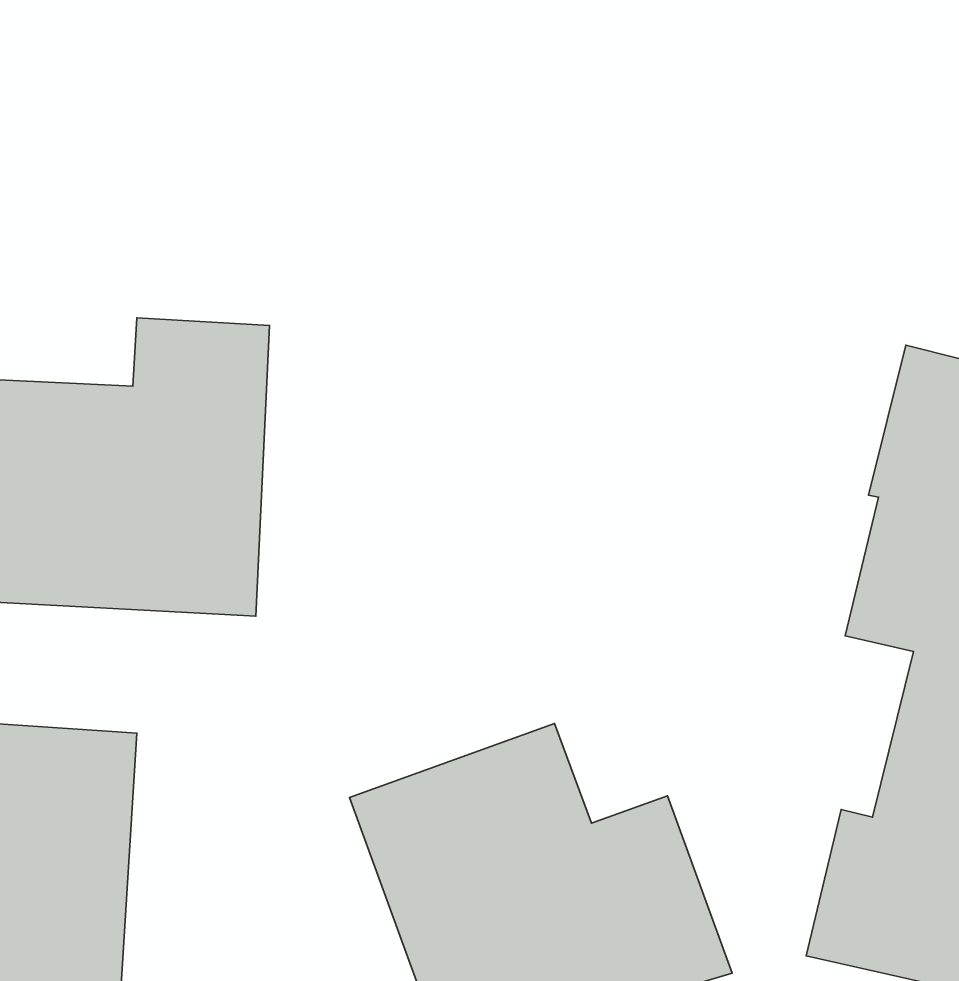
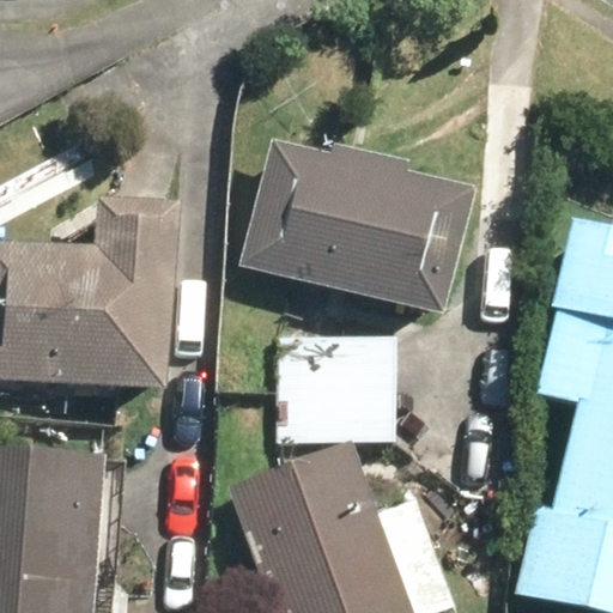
building: none -> [247,142,472,312]
building: none -> [272,342,397,449]

